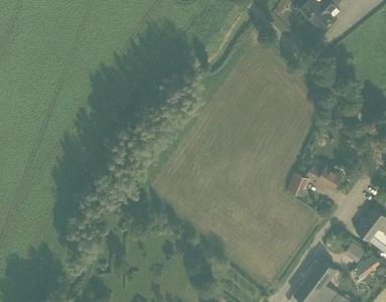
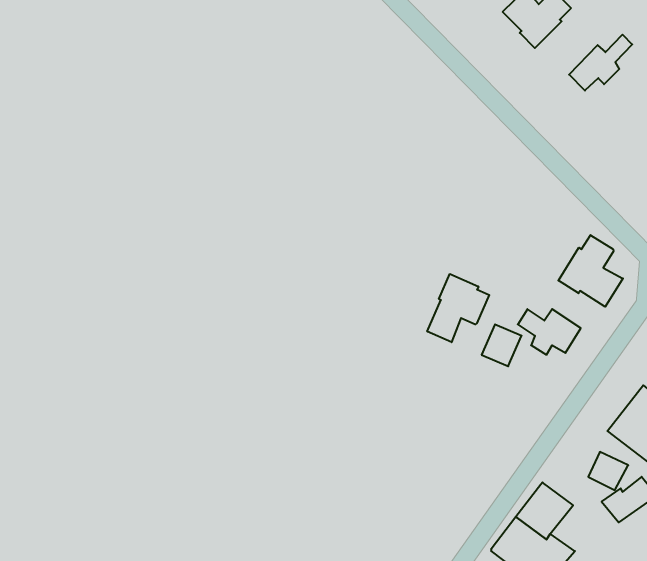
building: none -> [569,35,632,91]
building: none -> [558,235,623,307]
building: none -> [427,274,489,342]

